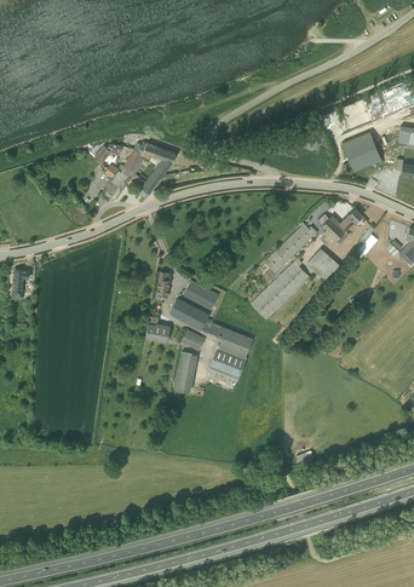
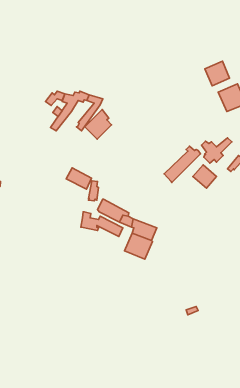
building: none -> [205,61,230,86]
building: none -> [85,110,112,139]
building: [249,259,310,321] -> none
building: [182,280,218,310] -> [66,168,91,189]
building: [173,352,196,393] -> none

